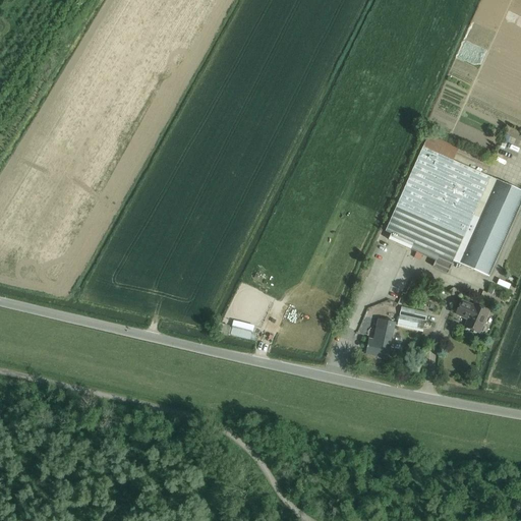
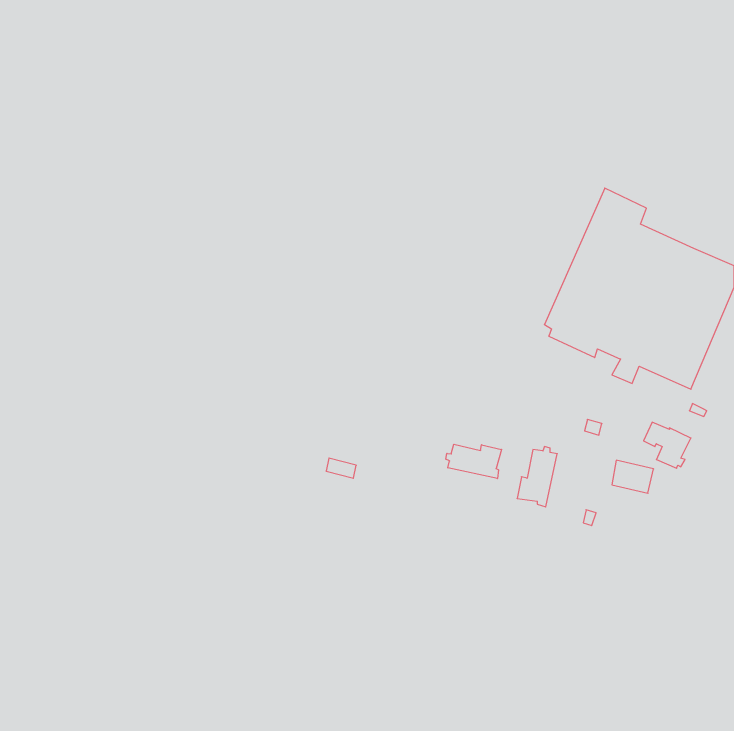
building: [398,305,427,329] -> [612,460,654,493]
building: none -> [446,444,502,479]

